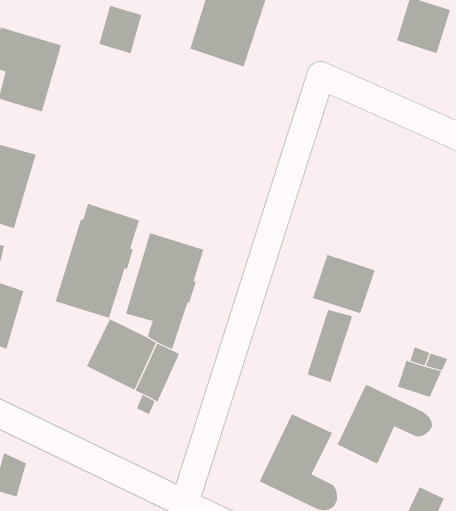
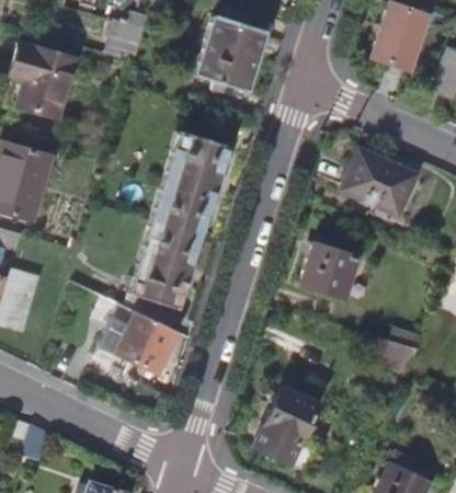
building: none -> [342,148,419,215]
building: [55,203,140,319] -> [152,135,229,239]
building: [307,309,353,383] -> none
building: [337,384,432,465] -> none

